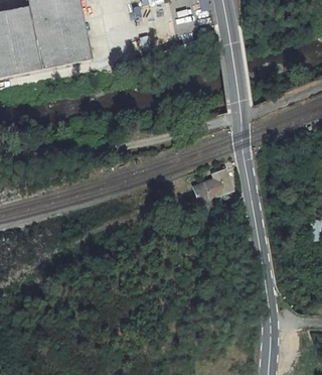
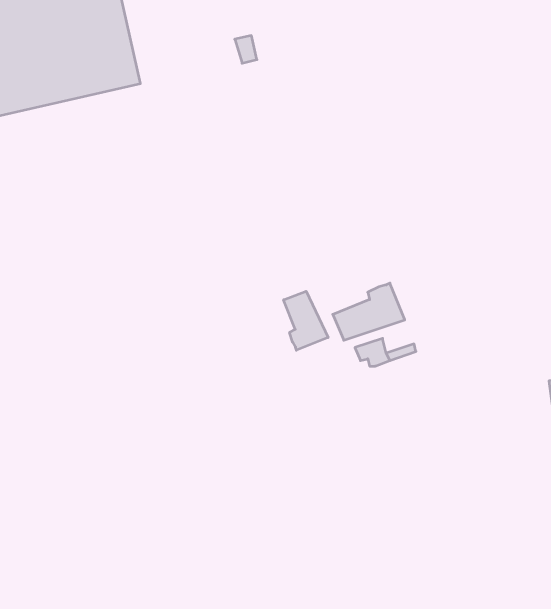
building: none -> [284,291,328,350]

